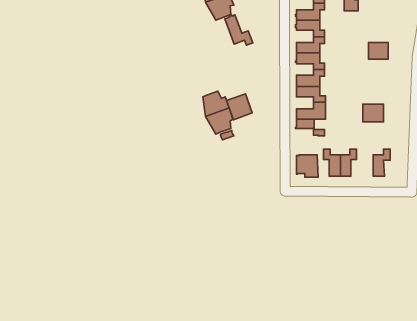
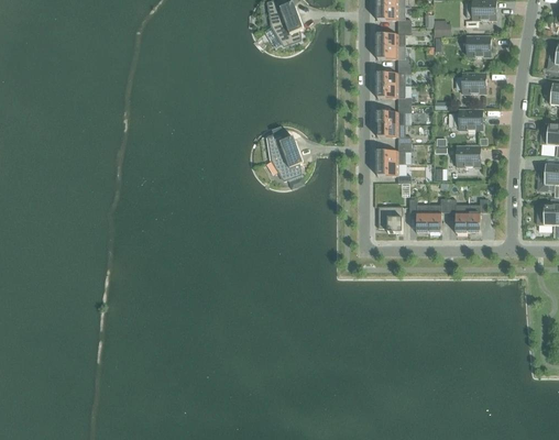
building: none -> [467,35,490,56]
building: [225,15,253,45] -> none
building: none -> [452,109,482,130]
building: [227,94,252,120] -> none
building: none -> [448,194,468,230]

